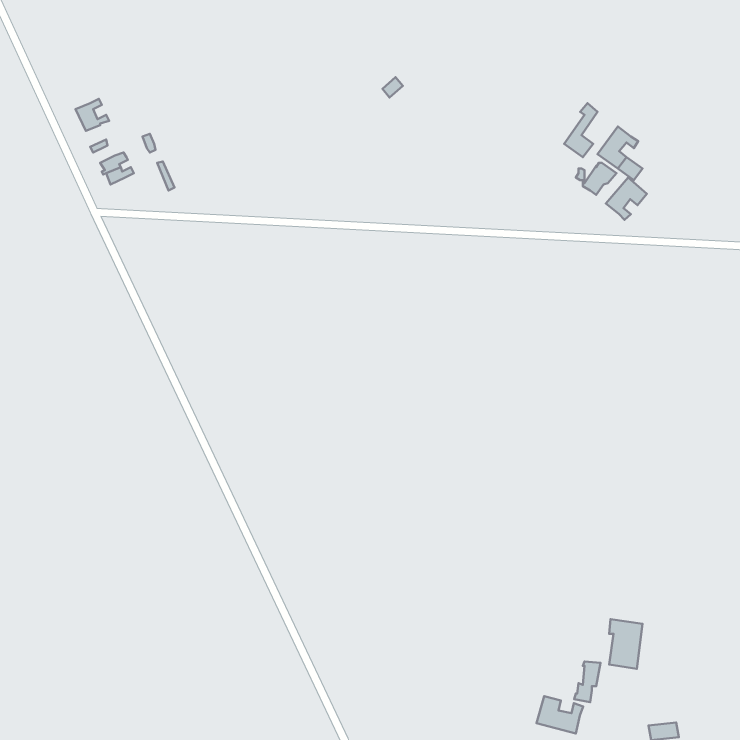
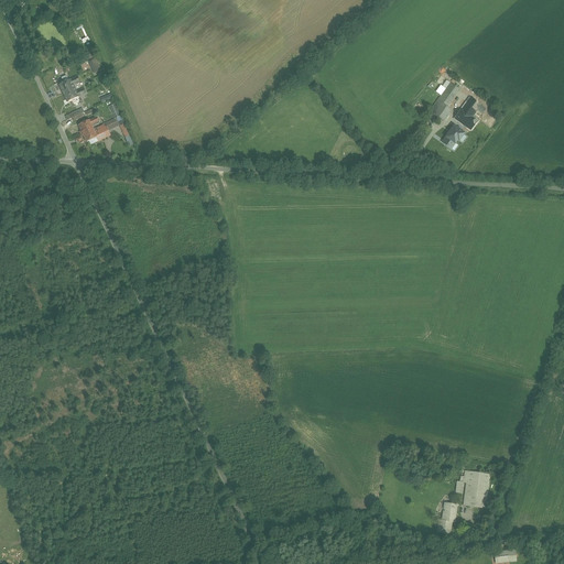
building: [606,177,647,220] -> none
building: [537,696,583,734] -> none

